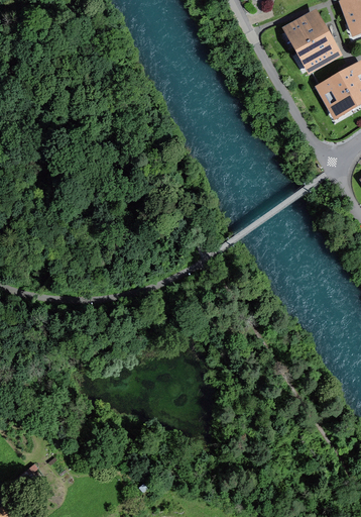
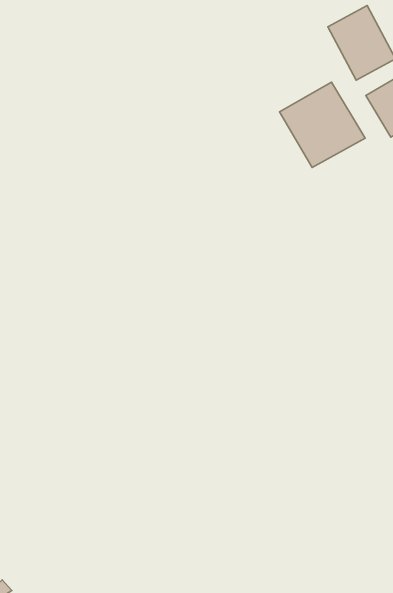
building: none -> [279,82,365,167]

